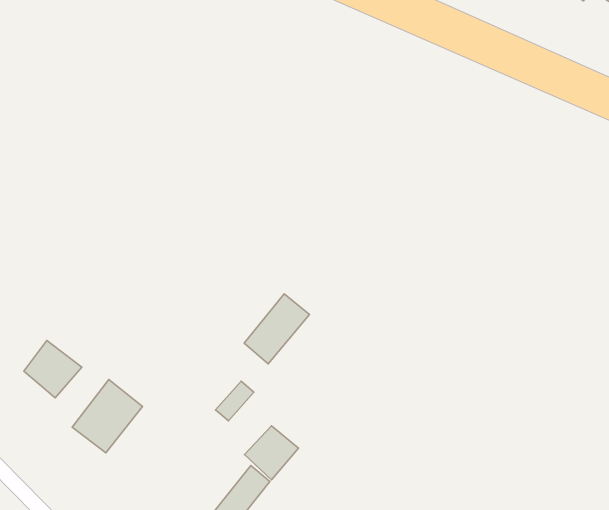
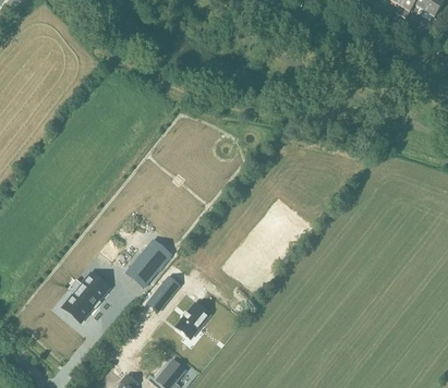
building: [244,294,310,364] -> [126,240,171,288]
building: [24,341,82,398] -> none

